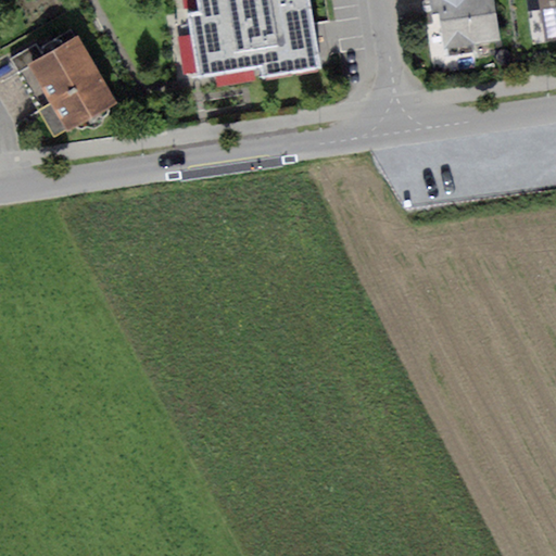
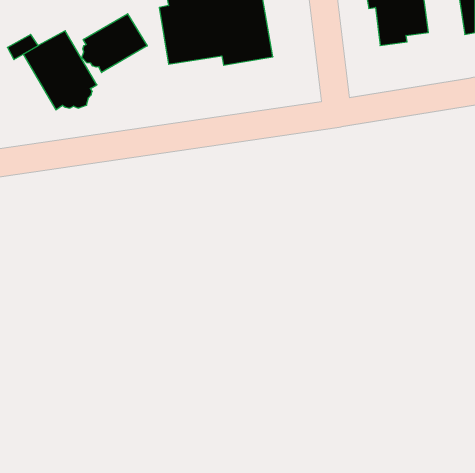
building: none -> [82,14,147,73]

